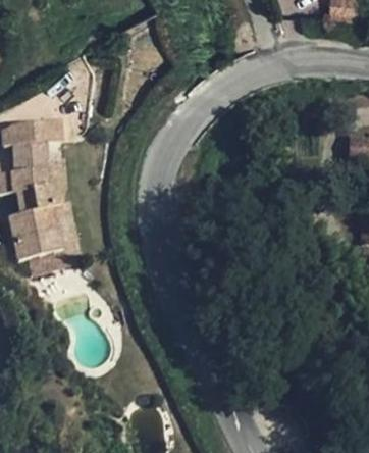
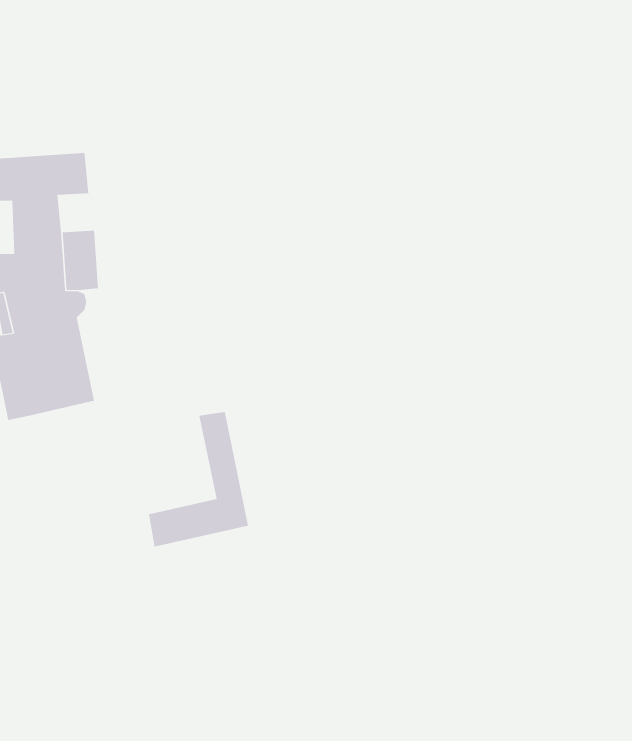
building: [15,191,68,262] -> [148,411,249,547]

